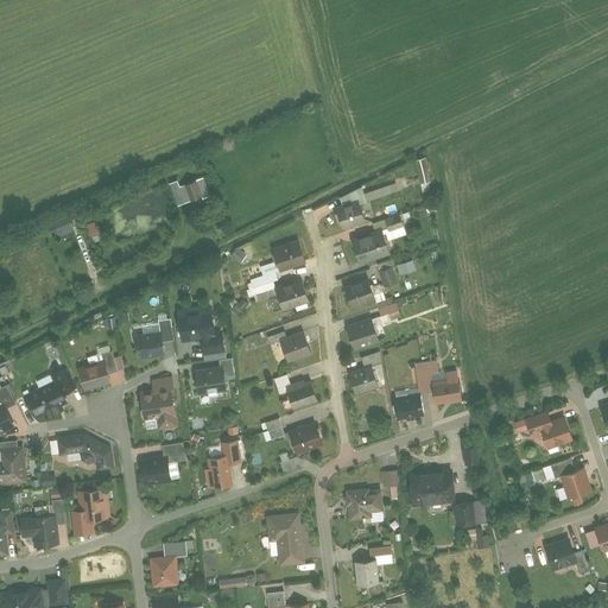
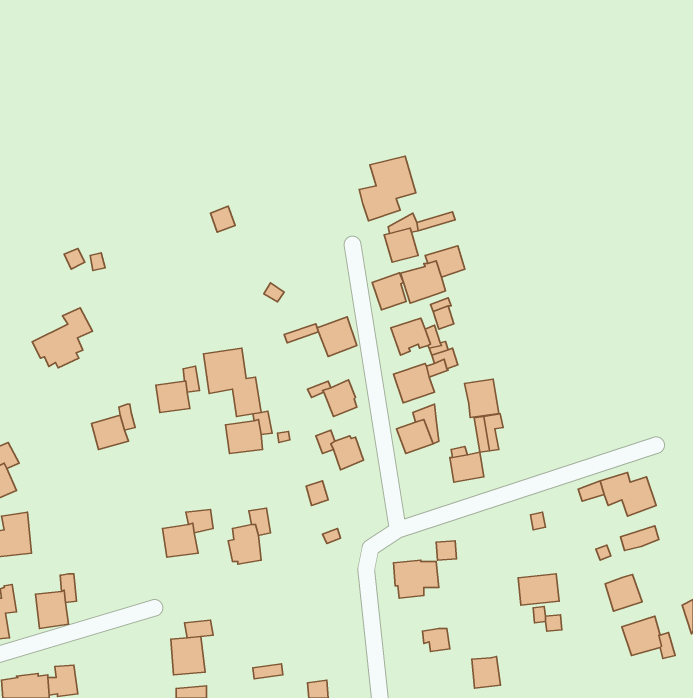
building: none -> [359,156,416,221]
building: [273,238,303,270] -> [372,273,406,310]
building: [24,366,76,418] -> [32,308,92,368]
building: [430,369,460,403] -> [465,379,499,418]
building: [141,375,178,429] -> none
building: [289,419,321,452] -> none
building: [58,432,114,469] -> none
building: [557,467,589,499] -> [605,574,642,611]
building: [406,468,452,504] -> none
building: [71,488,109,534] -> none
building: [265,512,304,566] -> none
building: [352,558,376,585] -> [472,657,500,688]

